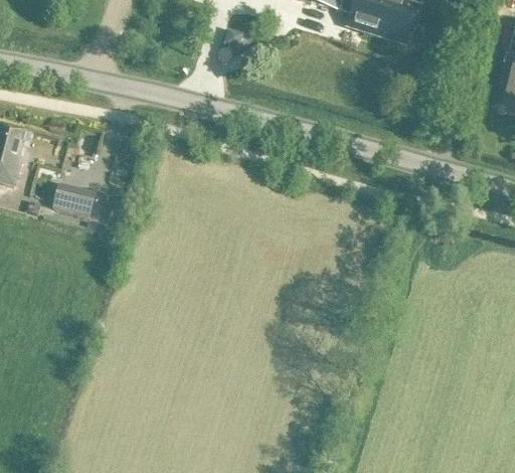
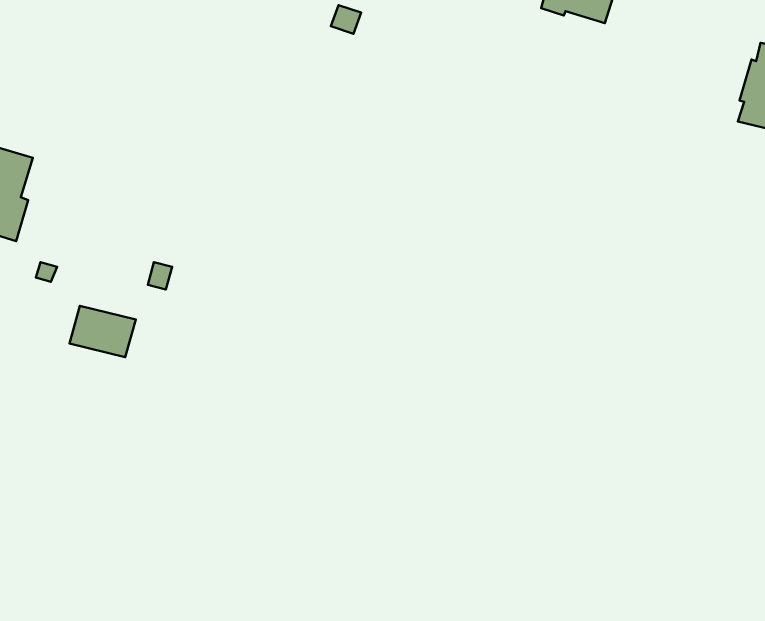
building: [52,179,97,213] -> [69,306,136,357]

